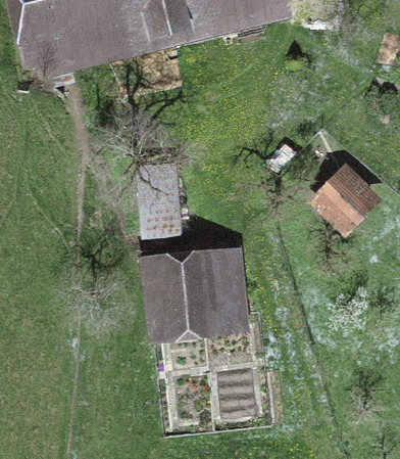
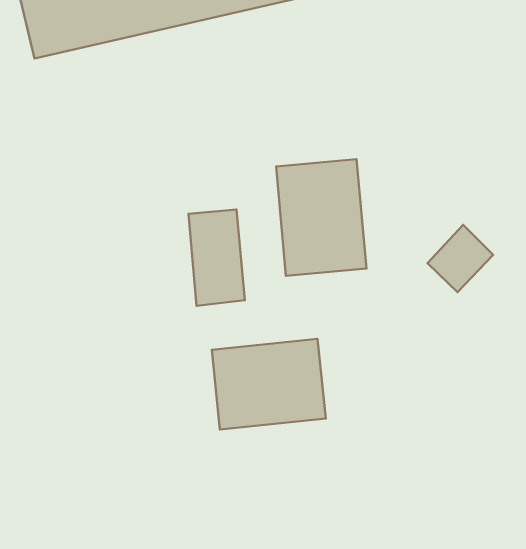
building: none -> [276,159,366,276]

